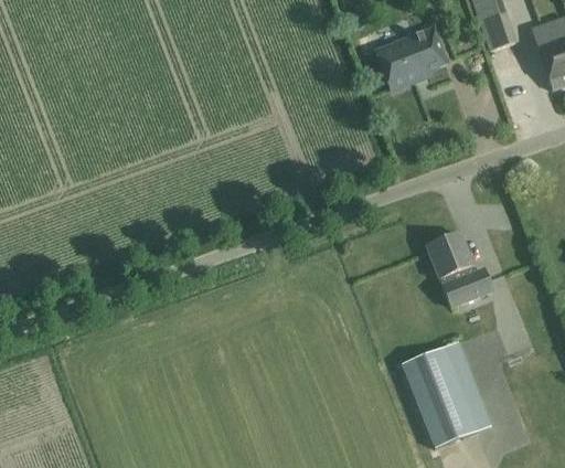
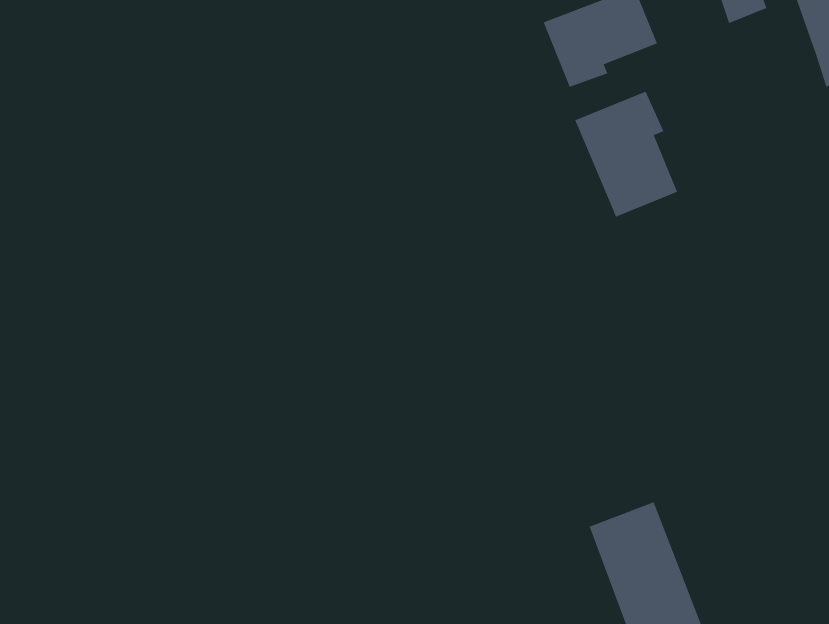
building: none -> [574,91,678,217]
building: [428,233,494,306] -> none

